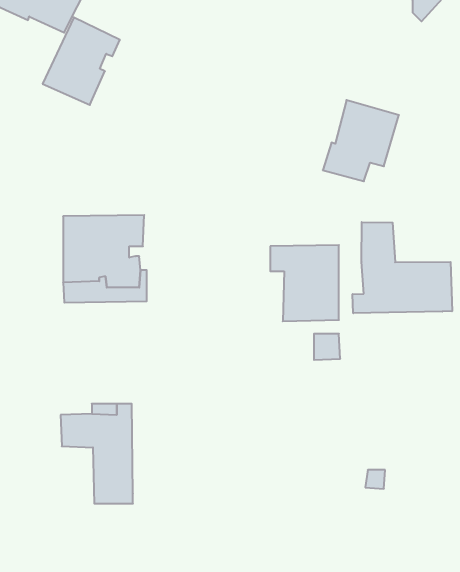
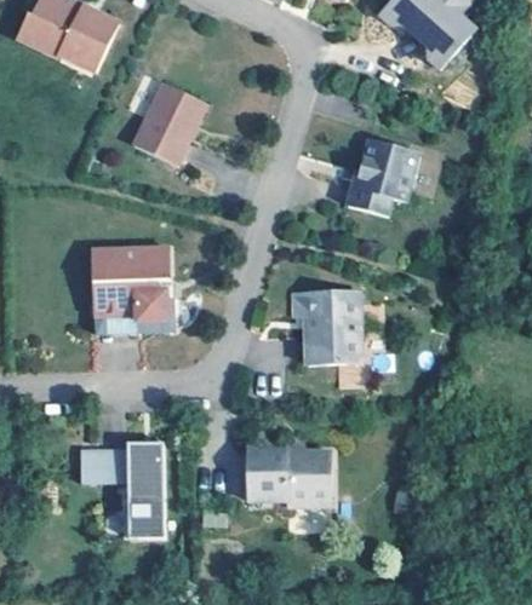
building: [43,17,120,105] -> [133,83,208,168]
building: [353,222,452,313] -> none
building: none -> [244,436,328,500]

